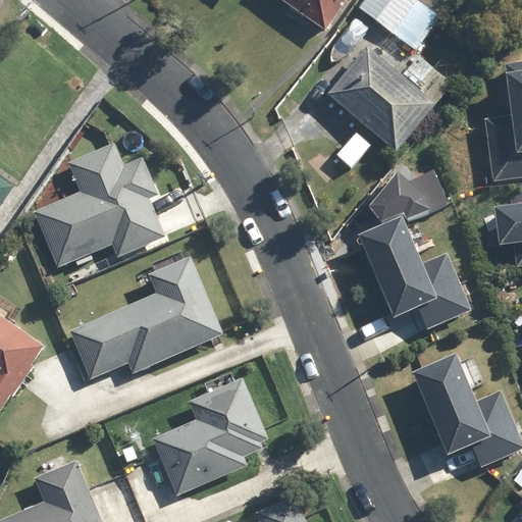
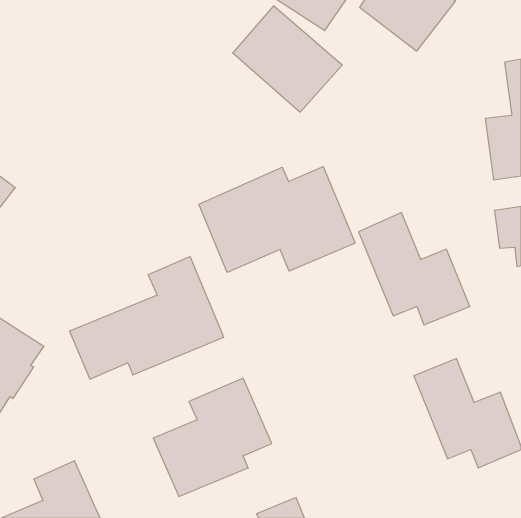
building: [327,47,436,153] -> [233,6,342,112]
building: [34,143,164,266] -> none
building: [368,165,446,217] -> none
building: none -> [199,167,355,272]

